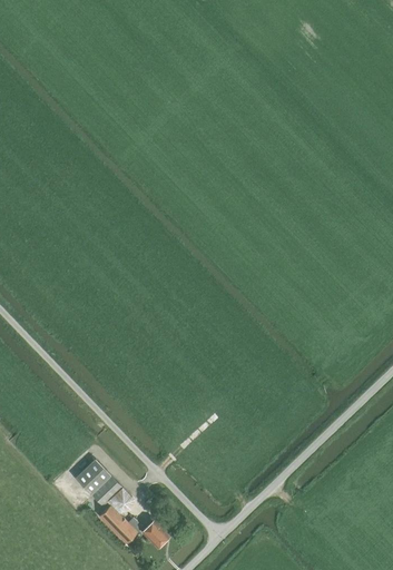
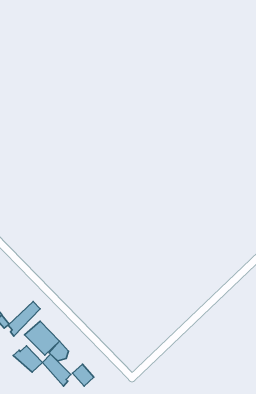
building: none -> [8,301,40,336]
building: none -> [13,346,43,372]

